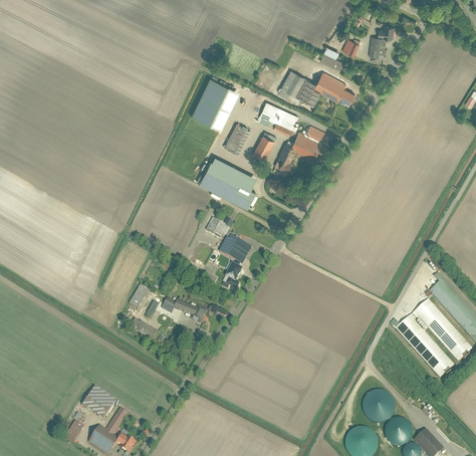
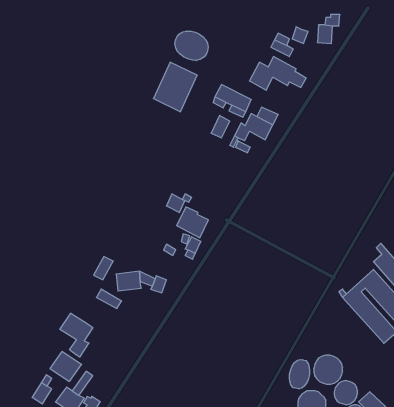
building: none -> [175,31,208,61]
building: [277,69,305,97] -> none
building: [223,123,250,154] -> none
building: [200,156,256,208] -> none
building: none -> [60,313,93,357]
building: none -> [289,360,310,389]

